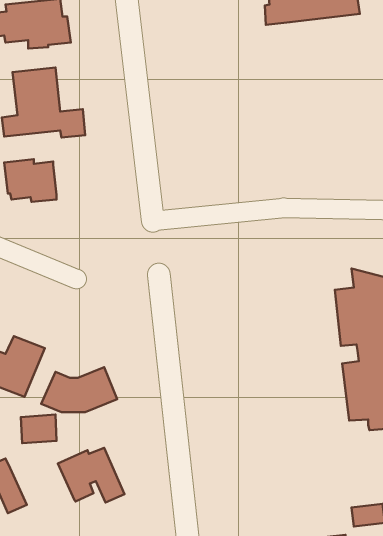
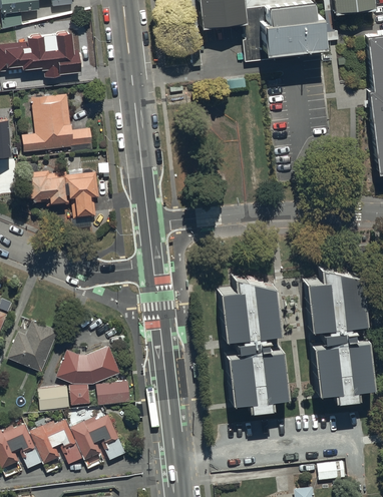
building: none -> [66,171,100,218]
building: none -> [220,272,289,408]
building: none -> [96,381,129,404]
building: none -> [69,385,89,404]
building: none -> [30,419,84,464]

